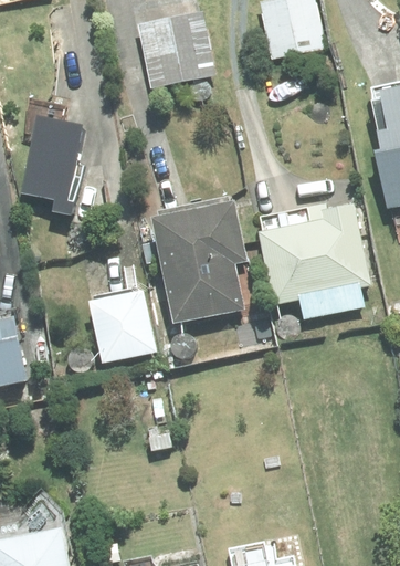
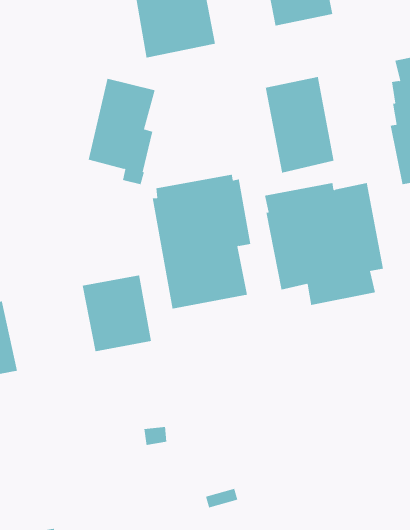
building: none -> [265,76,334,173]
building: [21,116,84,216] -> [88,78,155,185]

